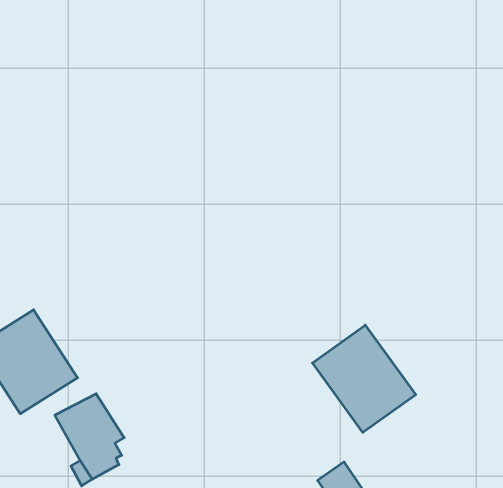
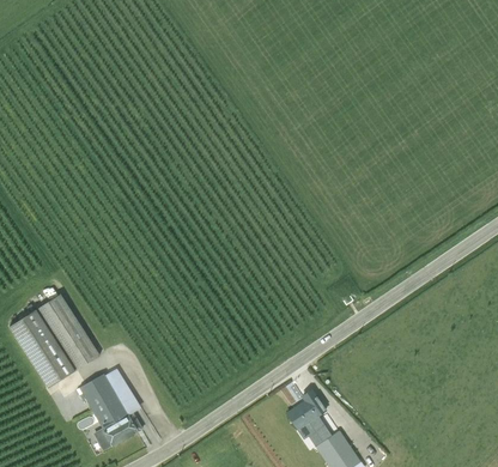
building: [312,325,416,432] -> none
building: none -> [286,390,326,431]

